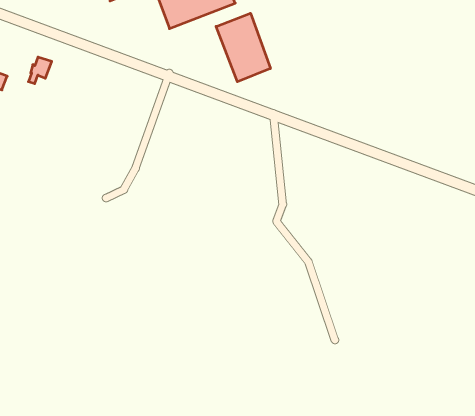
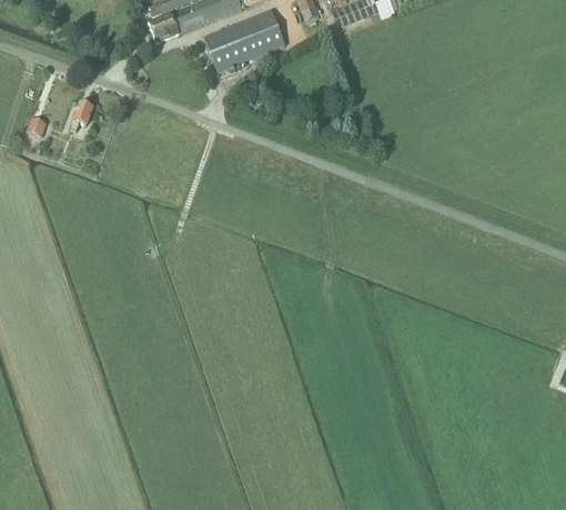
building: [216,13,270,82] -> none

